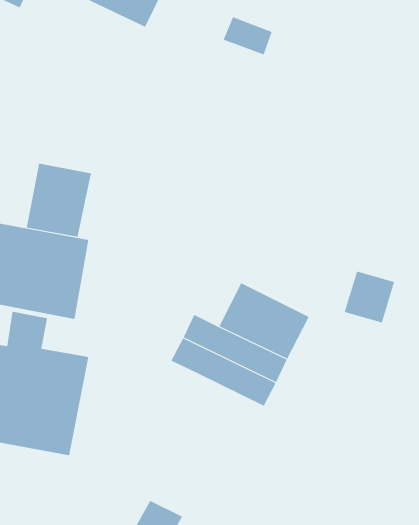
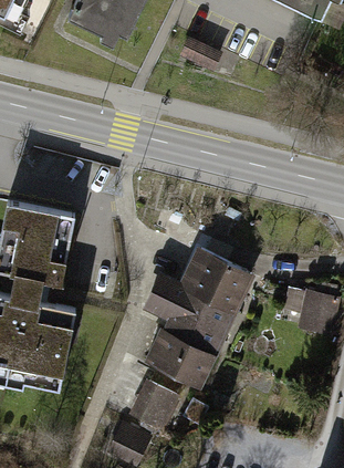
building: [26,163,92,237] -> none
building: [344,271,395,323] -> [295,292,336,334]
building: none -> [146,321,218,383]
building: none -> [129,383,178,430]

